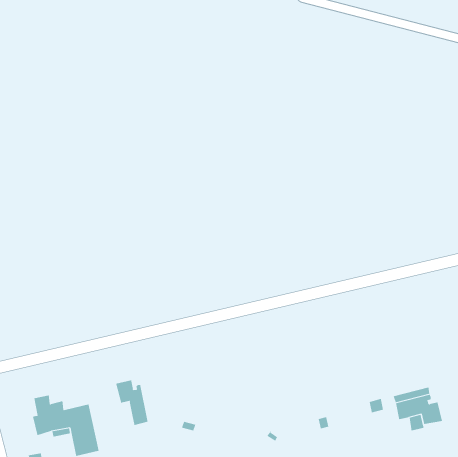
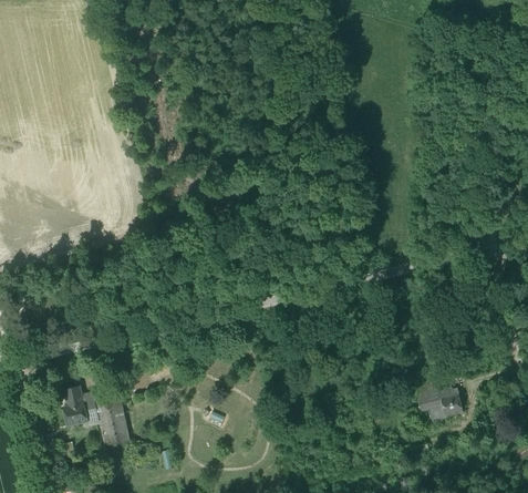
building: [116,380,148,426] -> none

